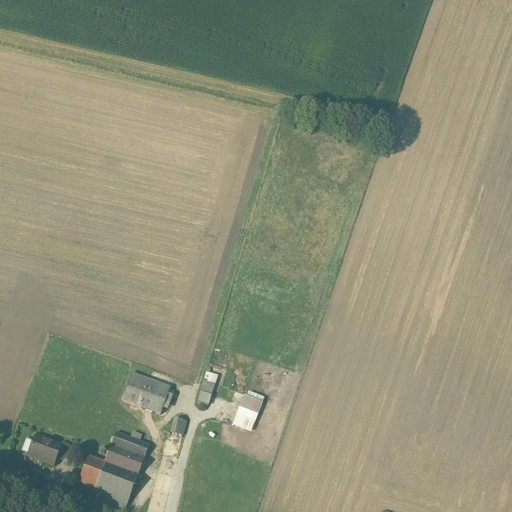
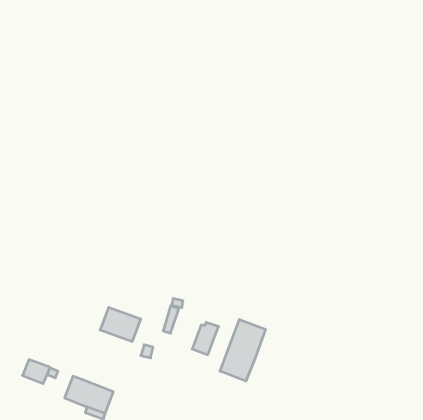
building: none -> [220,319,265,381]
building: [104,431,149,474] -> none

